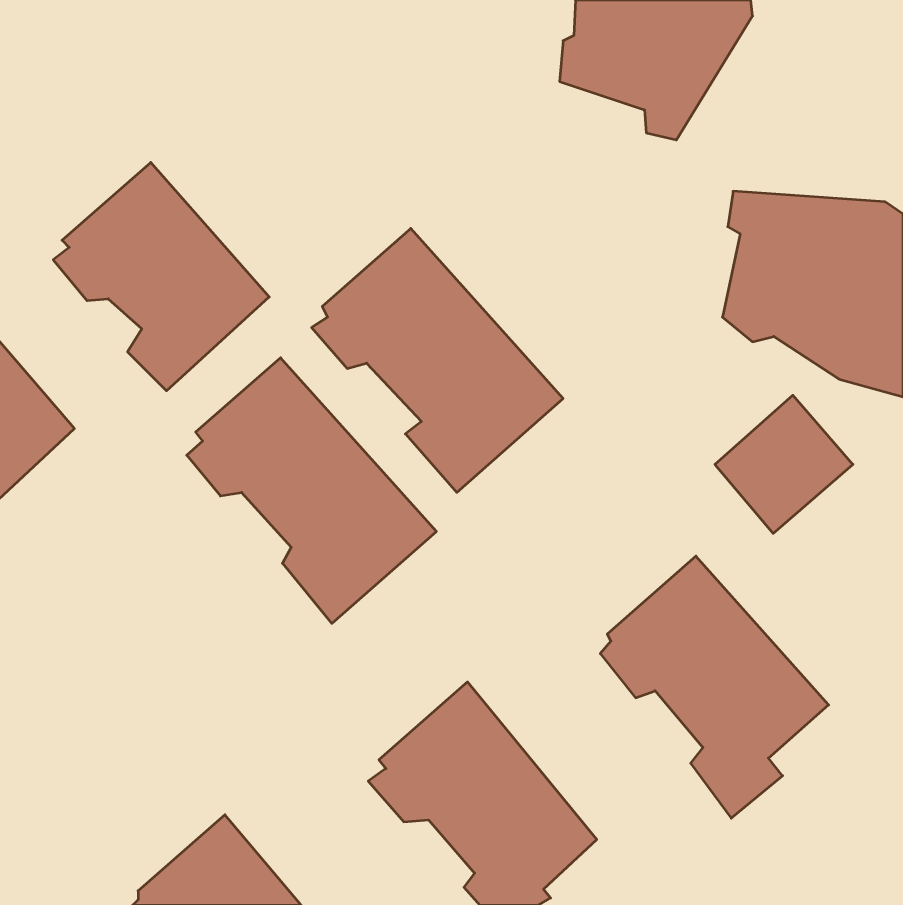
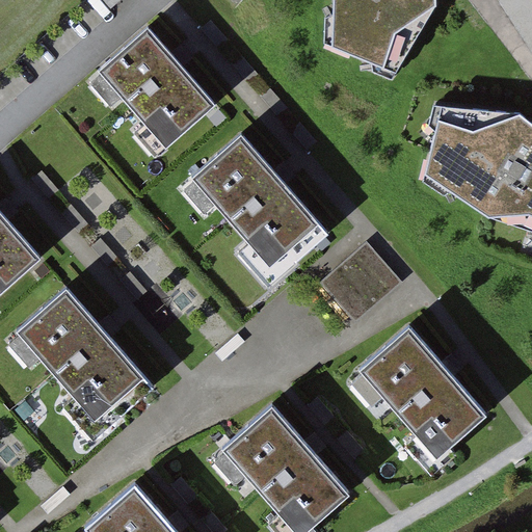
building: [53,162,269,391] -> [89,25,216,159]
building: [187,358,436,623] -> [9,283,156,438]
building: [715,395,853,533] -> [320,241,401,322]

